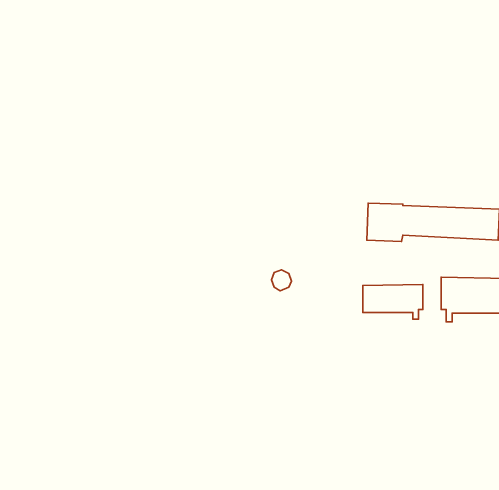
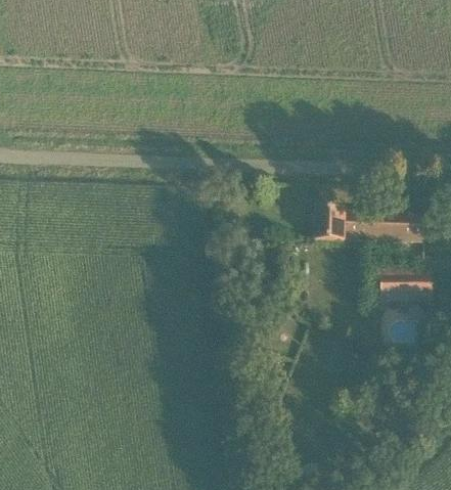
building: [363,284,423,319] -> none

